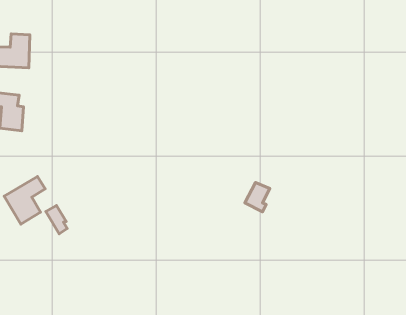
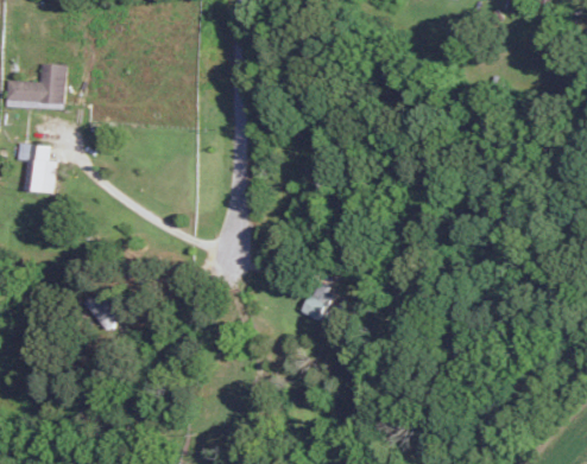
building: [4,177,45,224] -> none
building: [245,182,270,212] -> [302,282,335,322]

